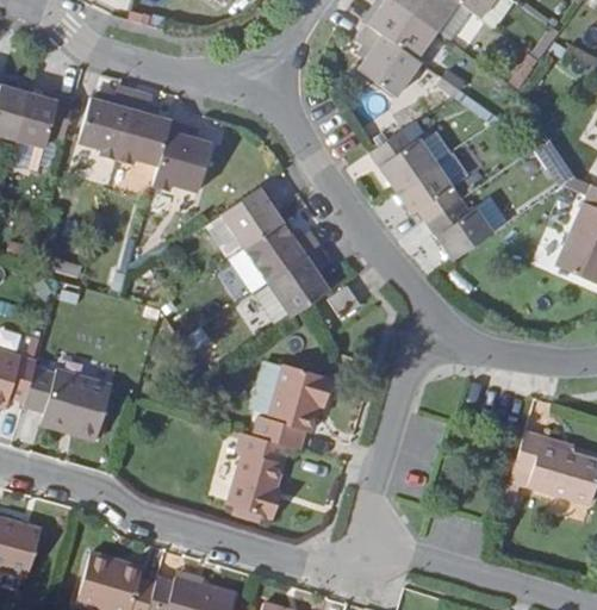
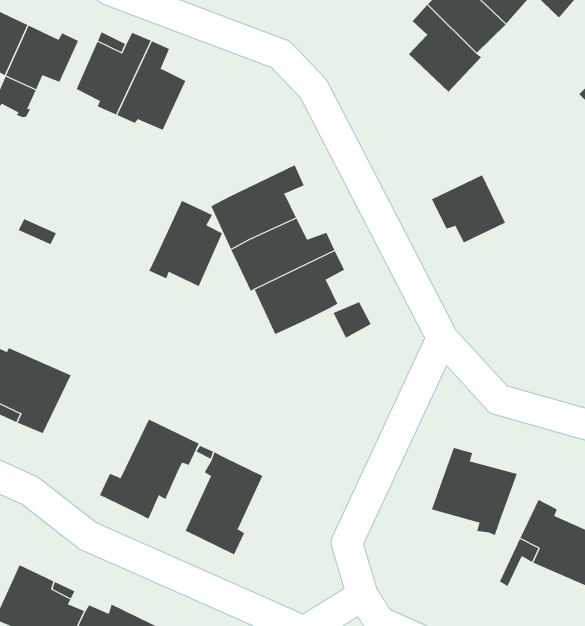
building: [153,120,211,192] -> [149,200,223,287]
building: [369,129,436,189] -> none
building: [429,200,495,261] -> none
building: [254,365,332,450] -> [99,419,199,520]
building: none -> [431,447,517,536]

